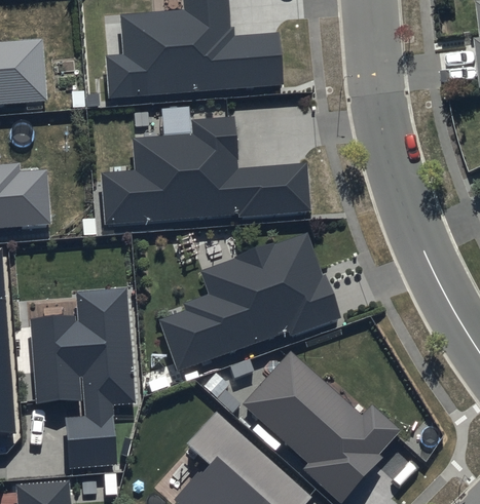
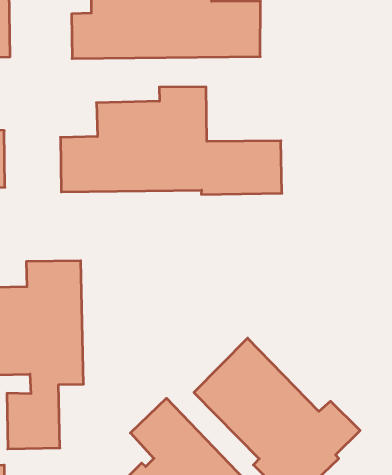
building: [159,234,341,370] -> none

